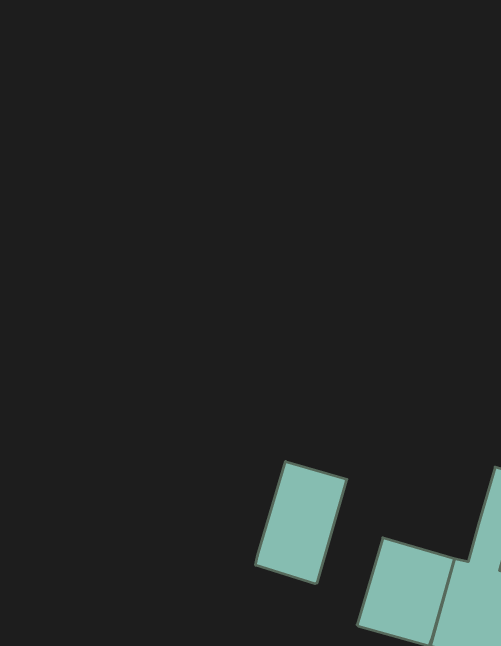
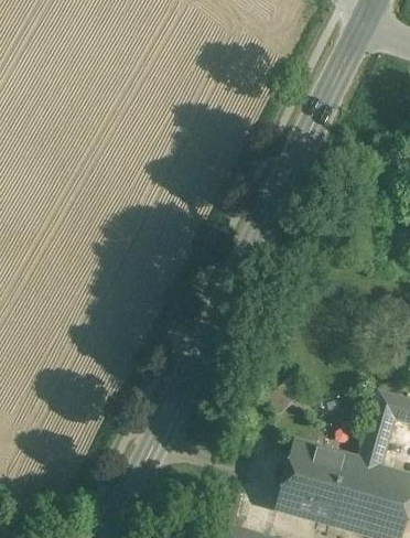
building: [256,461,347,584] -> none

